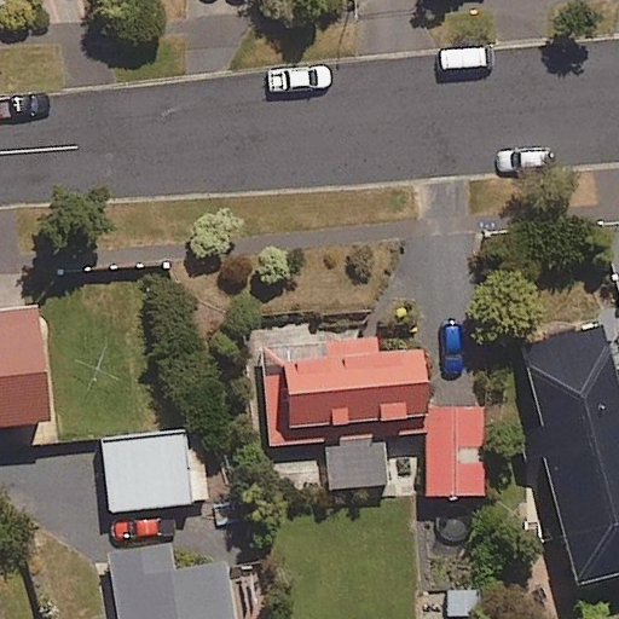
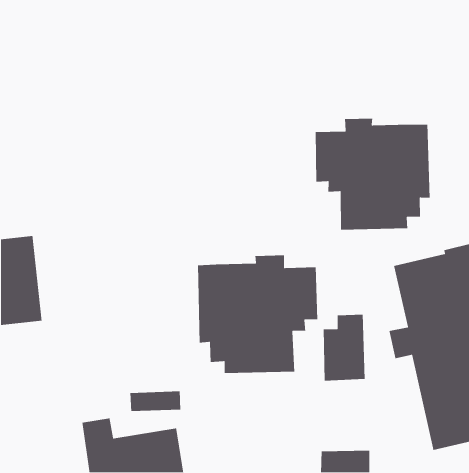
building: none -> [315,118,430,231]
building: [53,432,199,508] -> none

